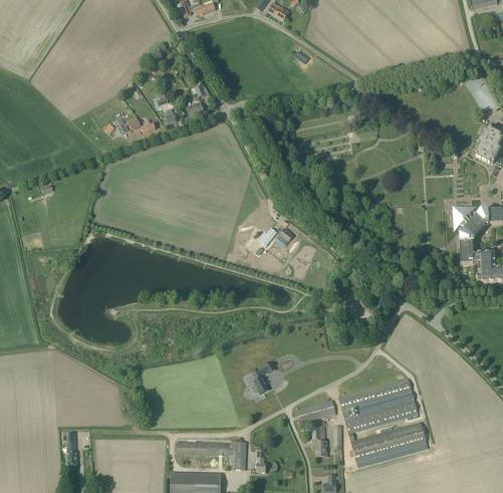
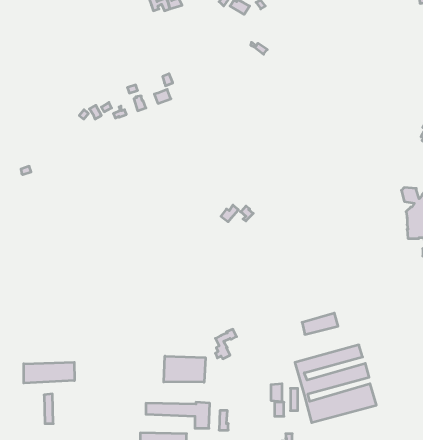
building: none -> [164,356,205,382]
building: none -> [24,362,74,383]
building: [297,400,336,423] -> [302,313,338,334]

